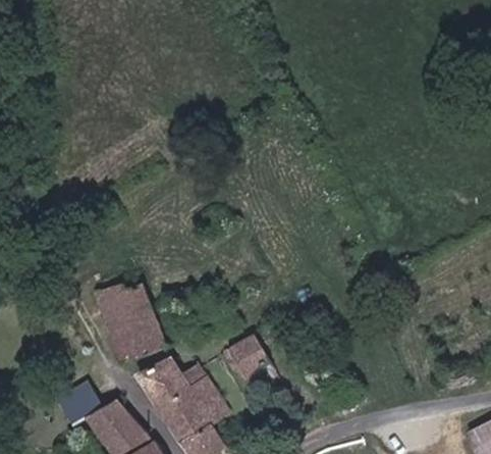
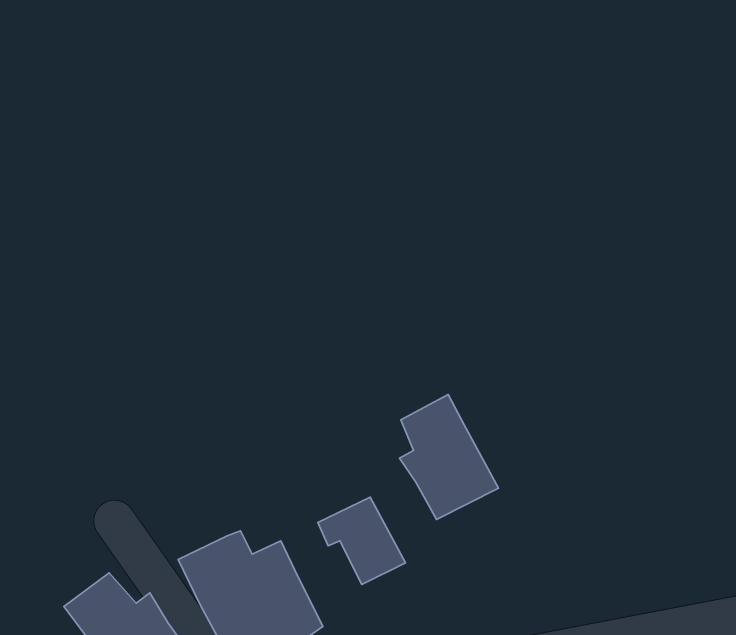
building: none -> [399,394,499,519]
building: [99,284,166,368] -> none

